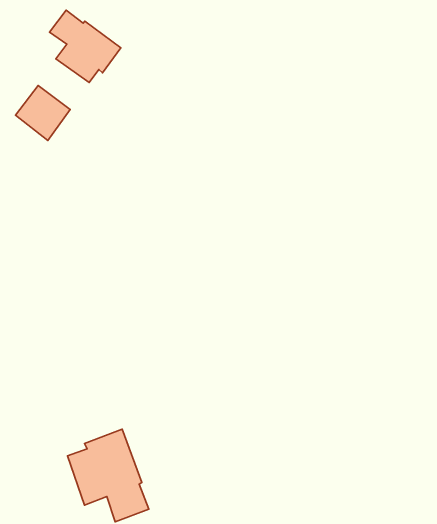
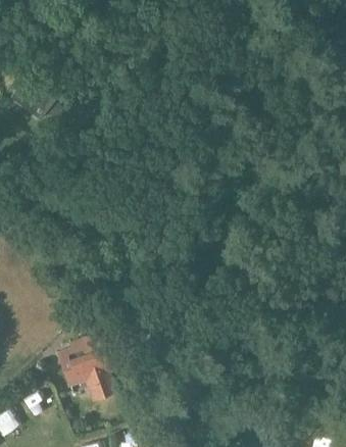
building: [50,10,121,83] -> none

